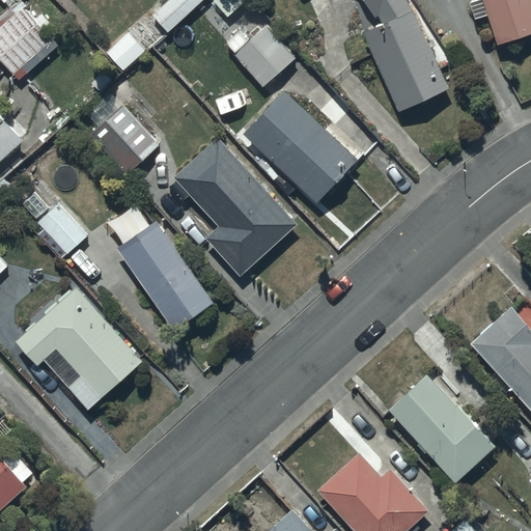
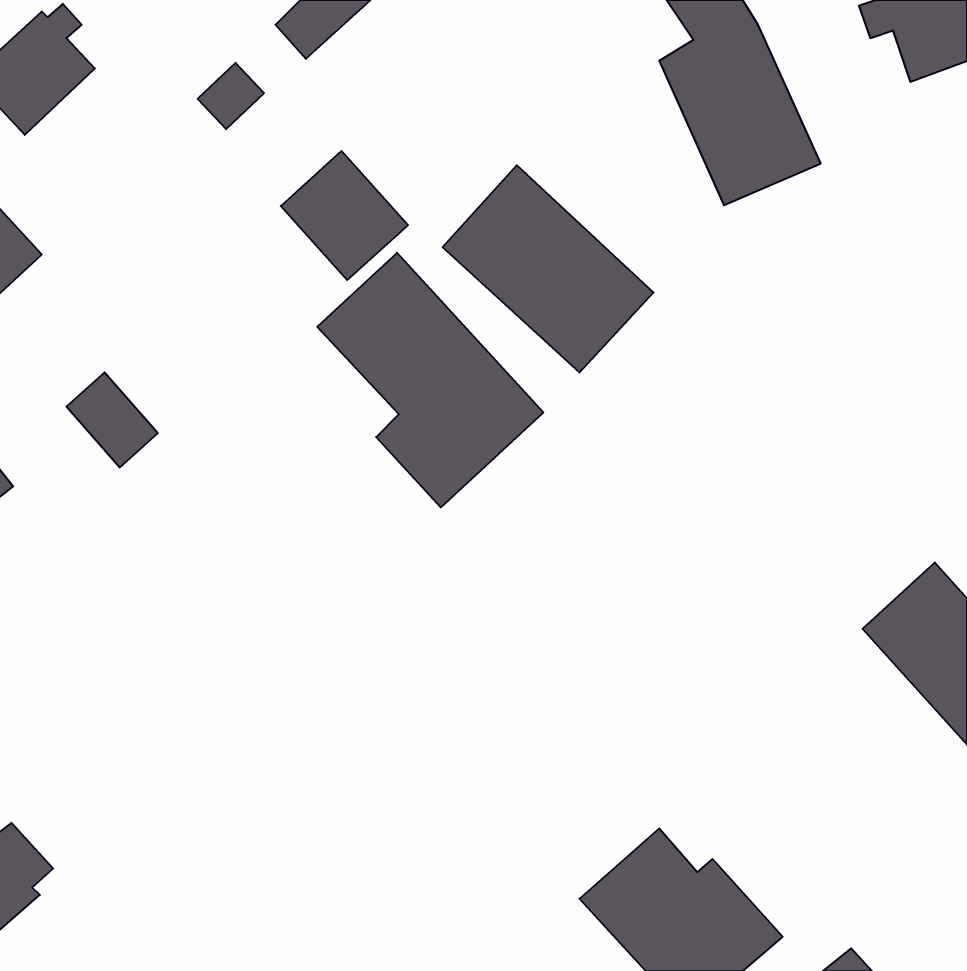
building: [233,25,296,86] -> none
building: [89,105,159,175] -> [281,151,408,280]
building: [116,221,213,330] -> none
building: [16,287,142,409] -> none
building: [388,375,495,483] -> none

